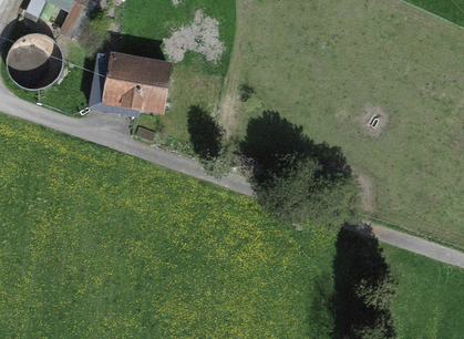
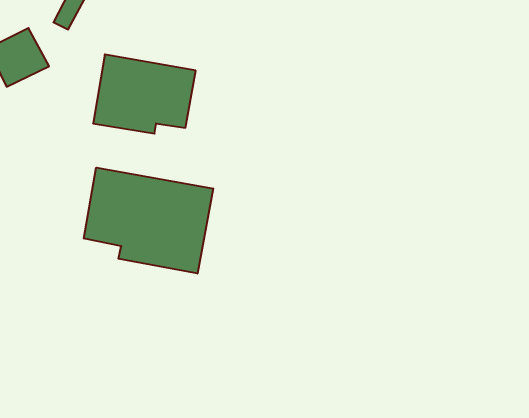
building: none -> [84,168,213,274]

